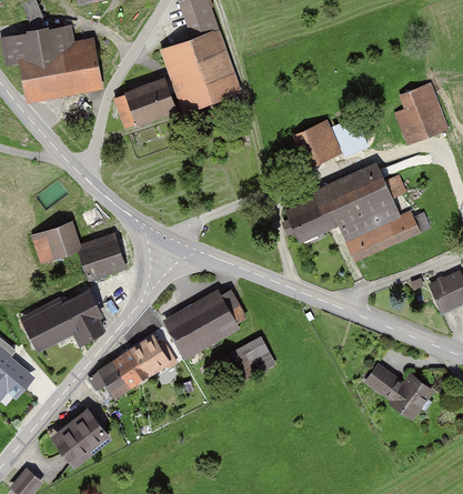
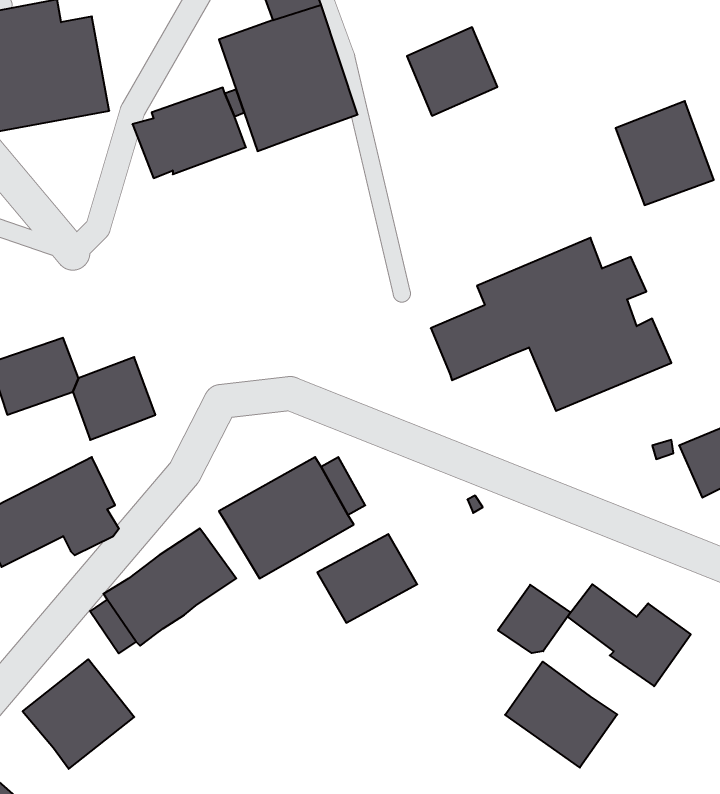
building: [290,121,342,172] -> [407,27,497,116]
building: none -> [498,585,571,653]
building: none -> [505,662,617,768]

